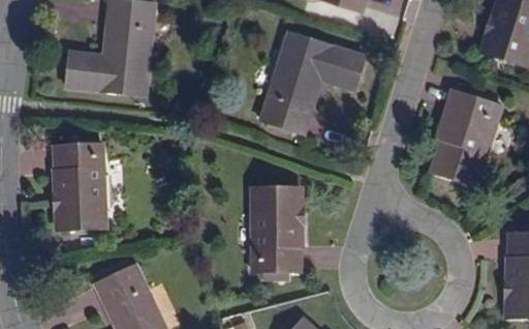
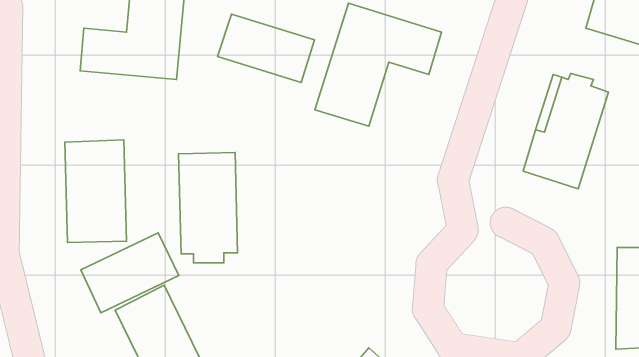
building: none -> [217,14,314,83]
building: [251,187,300,278] -> [179,152,238,263]
building: none -> [81,233,179,313]

